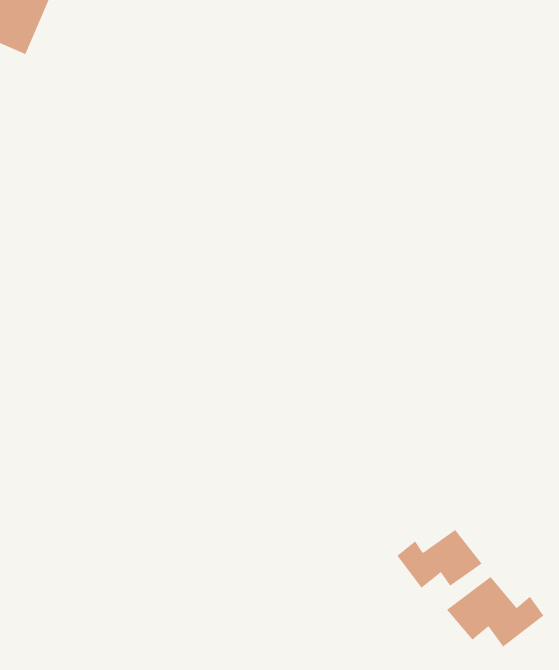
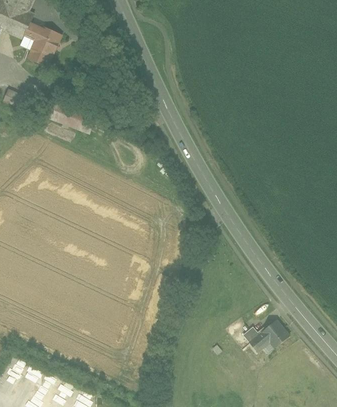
building: [446,576,544,647] -> none

